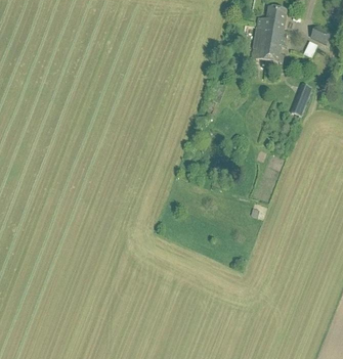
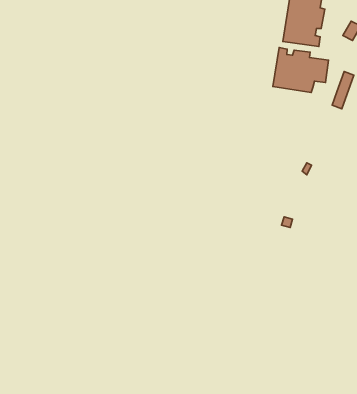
building: none -> [273,48,328,93]

